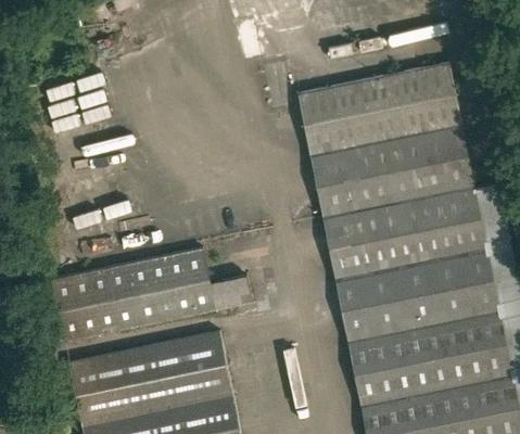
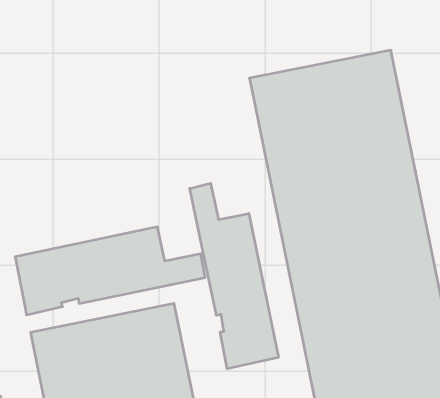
building: none -> [190,183,278,369]

